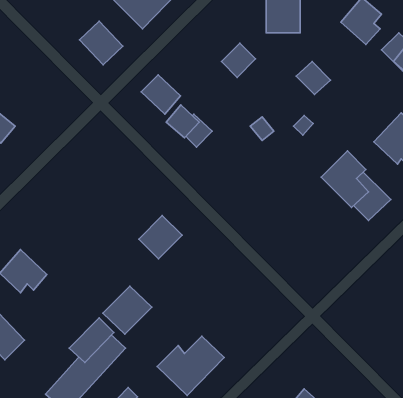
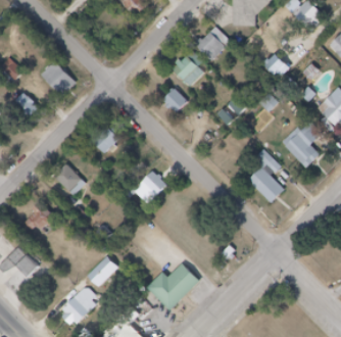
building: [79,21,123,65] -> [43,60,77,94]
building: [141,75,181,114] -> [174,59,204,90]
building: none -> [90,123,120,154]
building: none -> [242,153,286,205]
building: none -> [54,161,88,196]
building: [103,286,152,334] -> none

